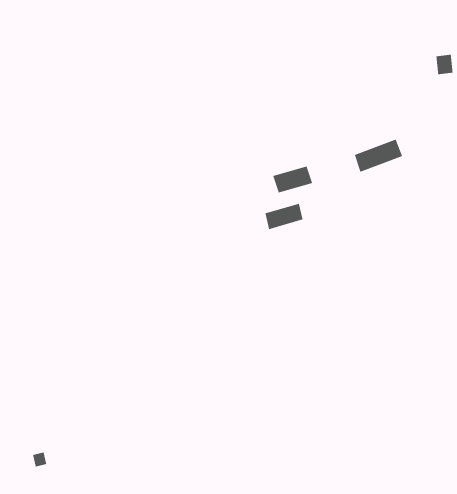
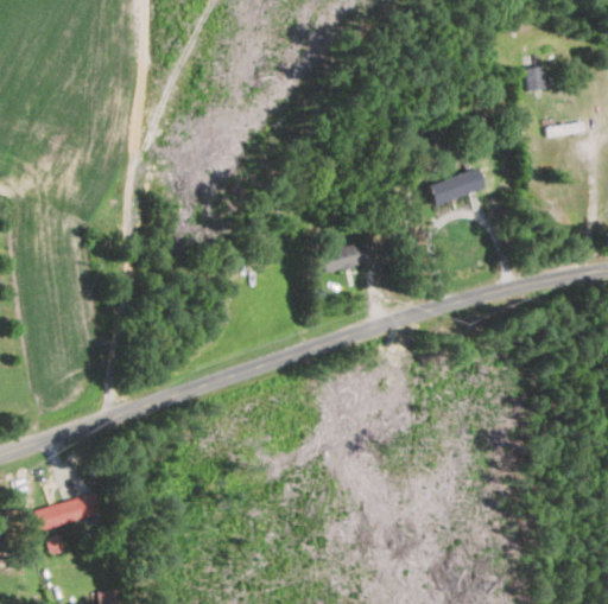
building: [272,166,313,194] -> none
building: none -> [36,494,102,530]

